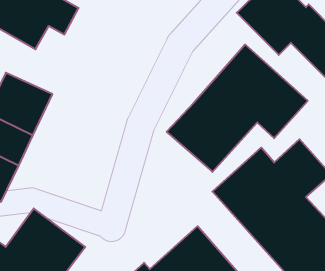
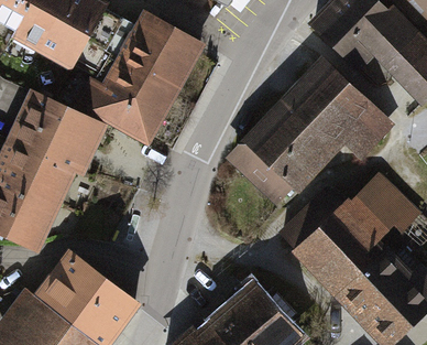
building: none -> [92,15,197,139]

